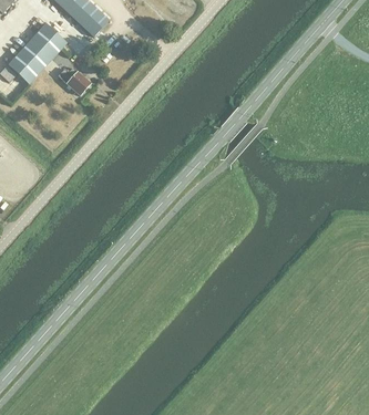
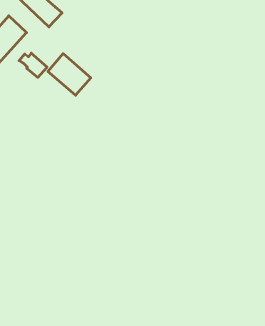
building: none -> [48,54,91,95]

